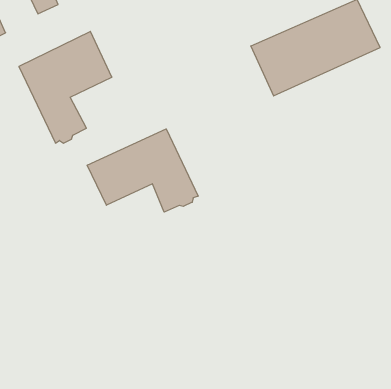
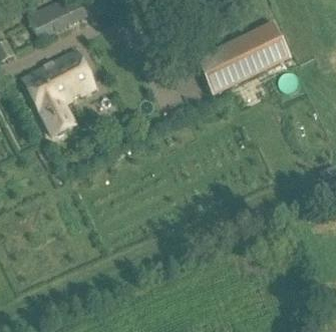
building: [87,129,198,212] -> none

